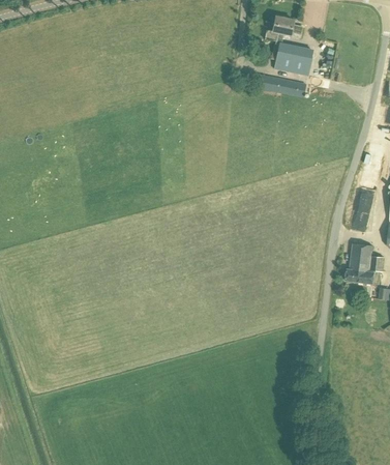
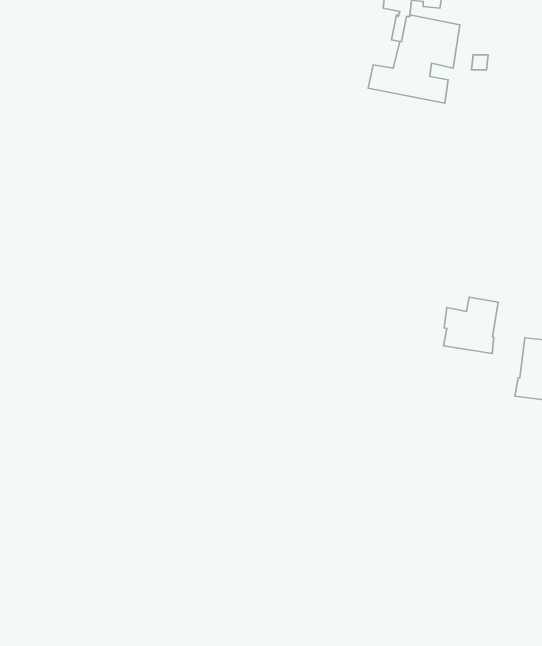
building: none -> [443,297,498,354]

